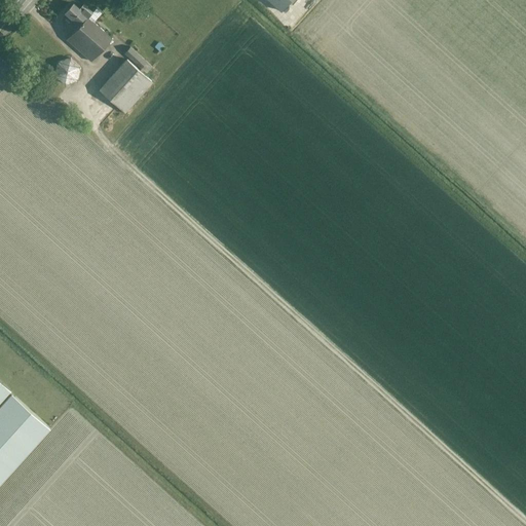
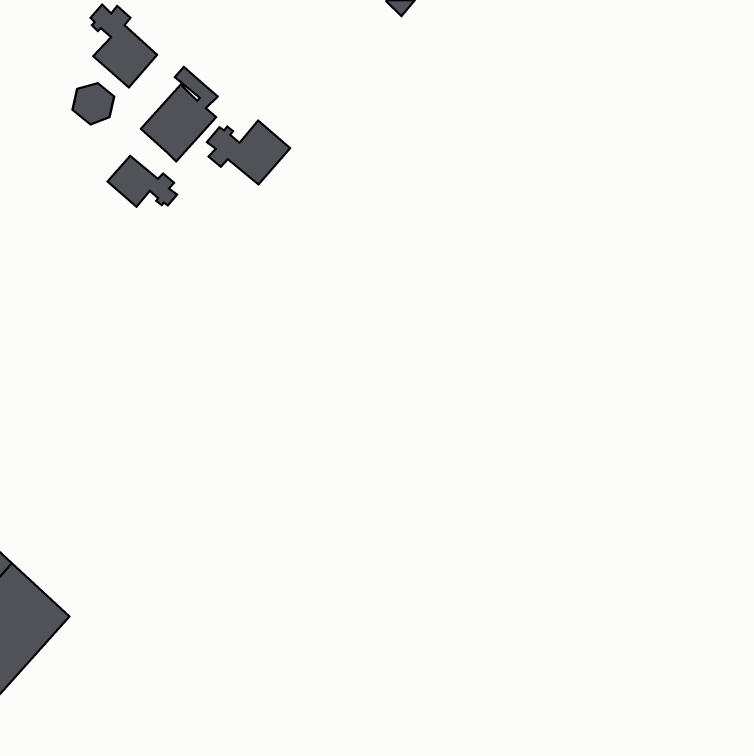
building: none -> [207,120,290,184]
building: none -> [108,156,177,207]

